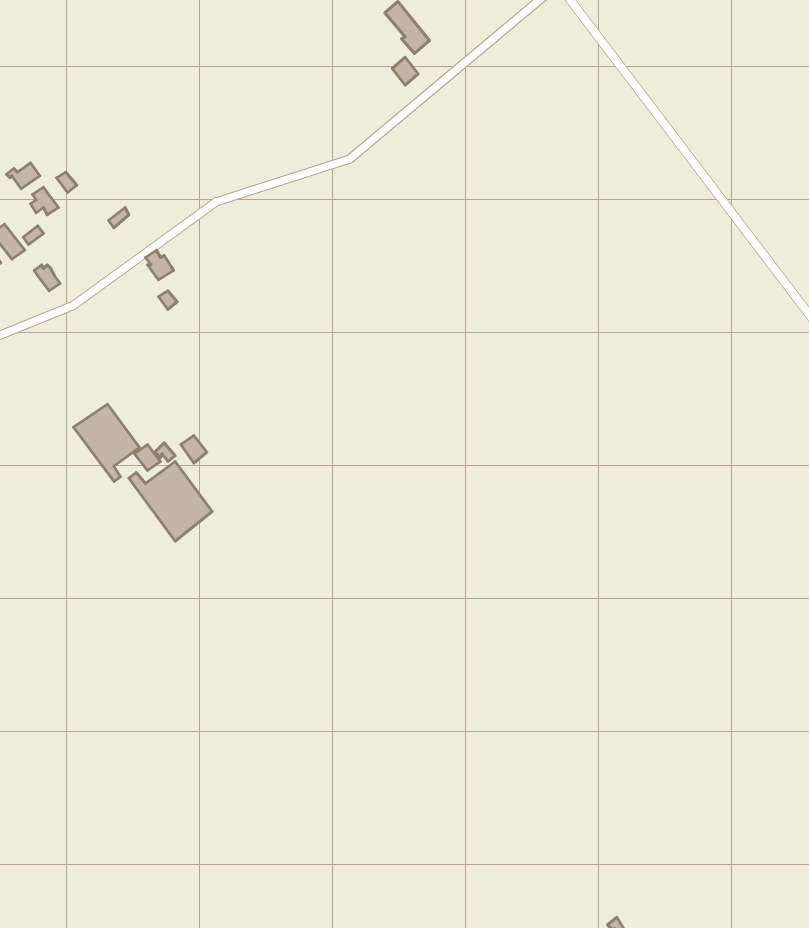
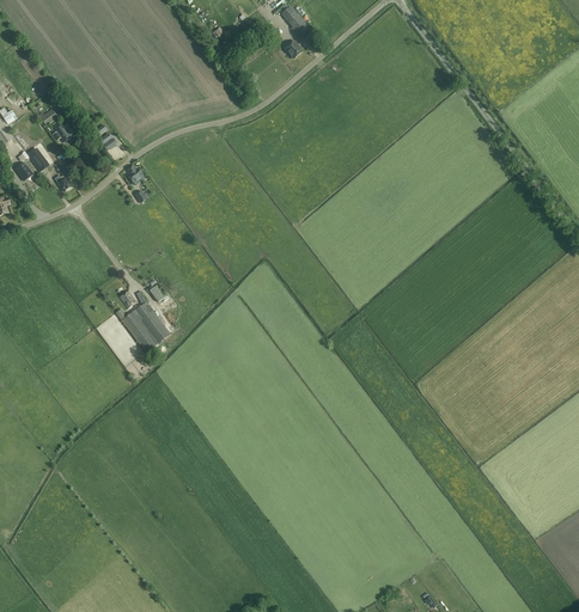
building: [74,404,140,481] -> none

